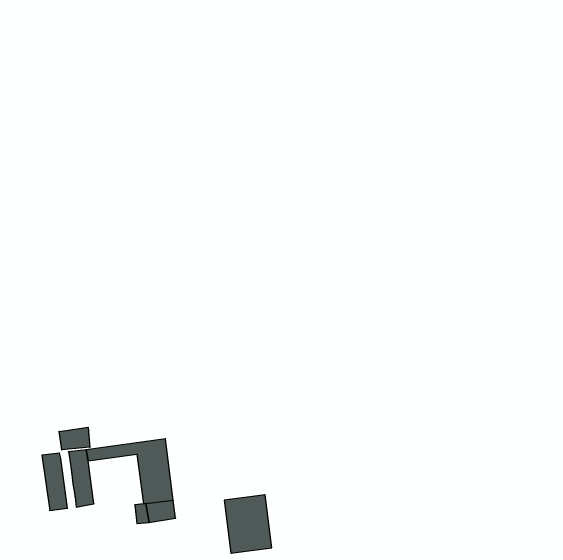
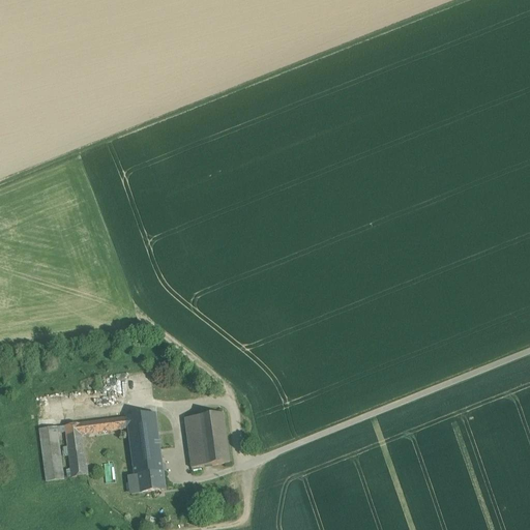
building: [59,427,90,450] -> none
building: [224,495,272,553] -> [184,411,229,466]

